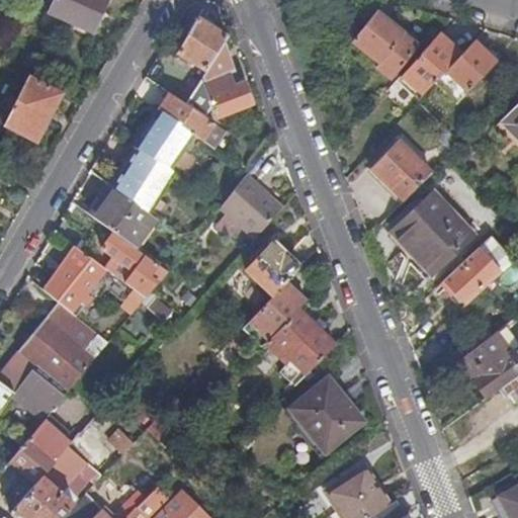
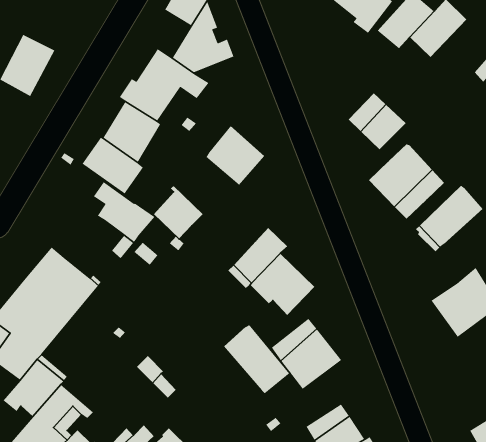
building: [246,239,298,295] -> [153,185,203,239]
building: [45,246,106,313] -> none
building: none -> [223,324,290,394]

